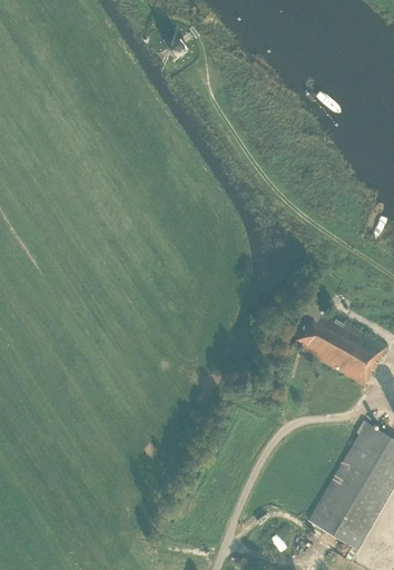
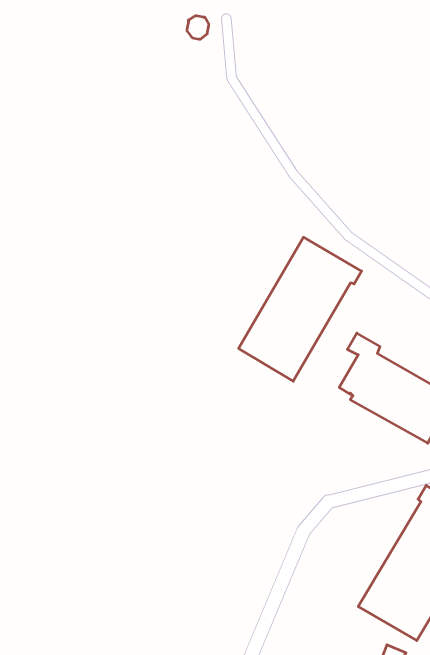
building: none -> [239,237,362,381]

